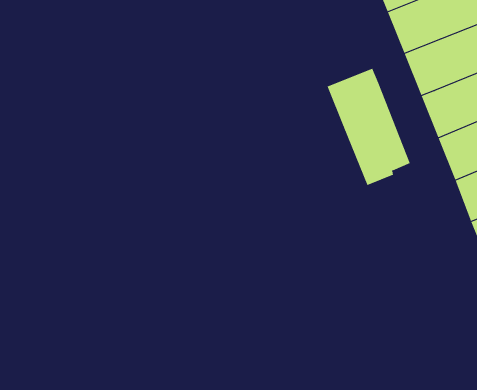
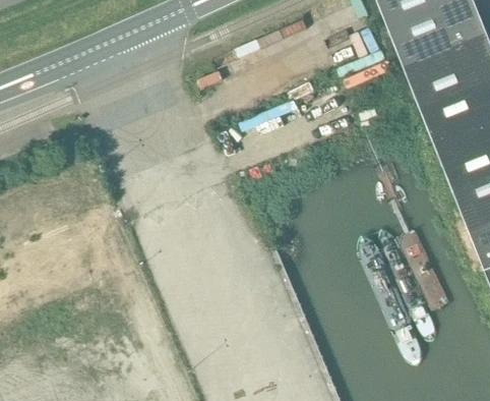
building: [327,68,411,186] -> none

